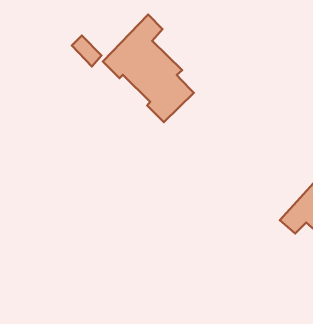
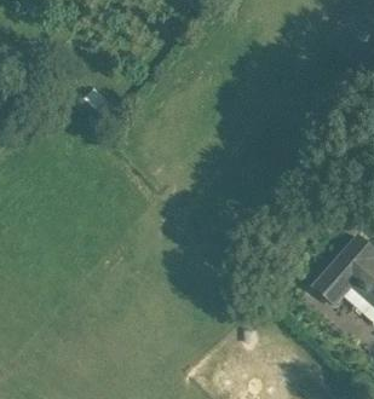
building: [103,15,194,122] -> none

